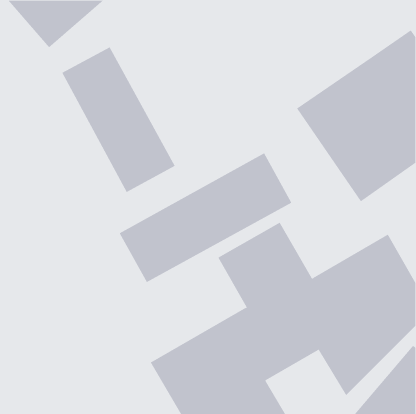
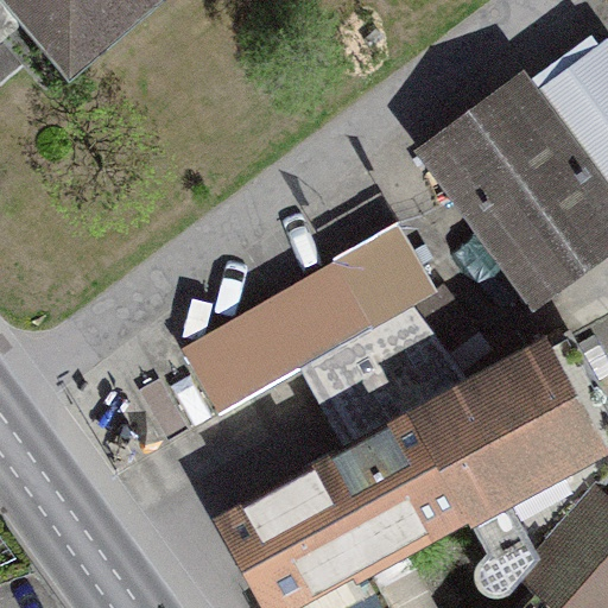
building: [61,46,175,193] -> none

